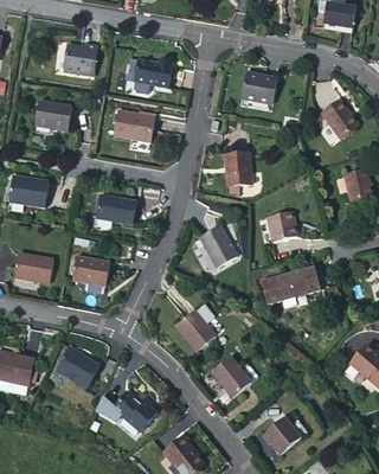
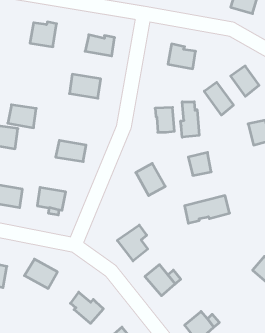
building: [34,101,71,130] -> [8,105,36,128]
building: none -> [204,82,233,115]
building: none -> [181,102,199,137]

